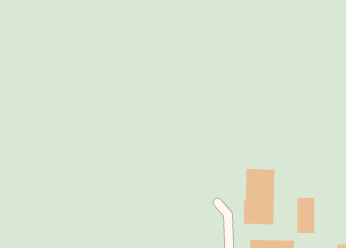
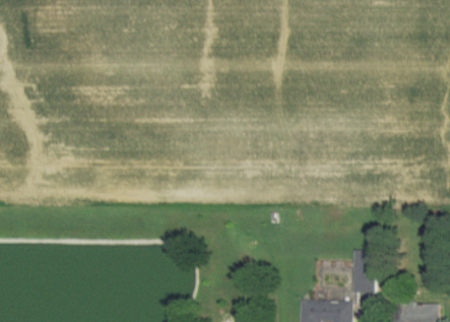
building: [243,168,275,225] -> none

